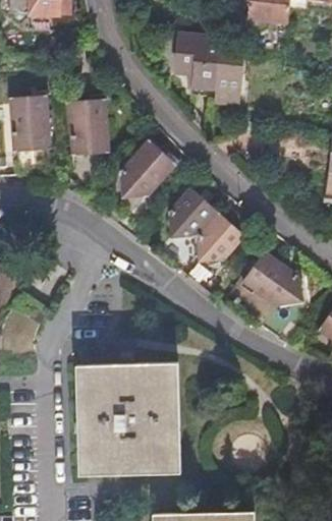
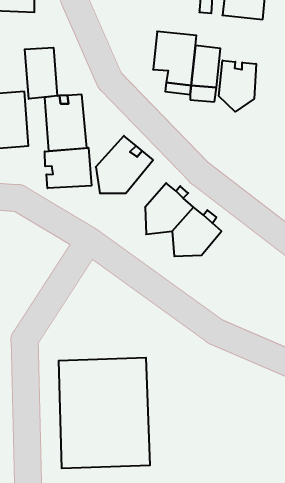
building: none -> [25,48,57,99]
building: none -> [219,60,256,112]
building: none -> [45,148,91,188]
building: [243,249,306,306] -> none

